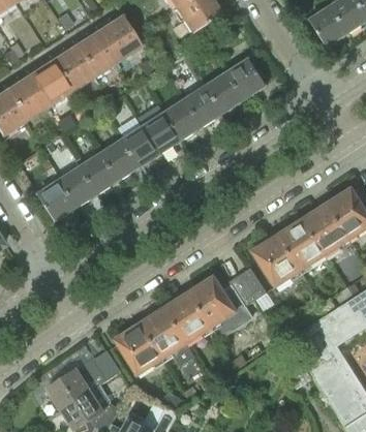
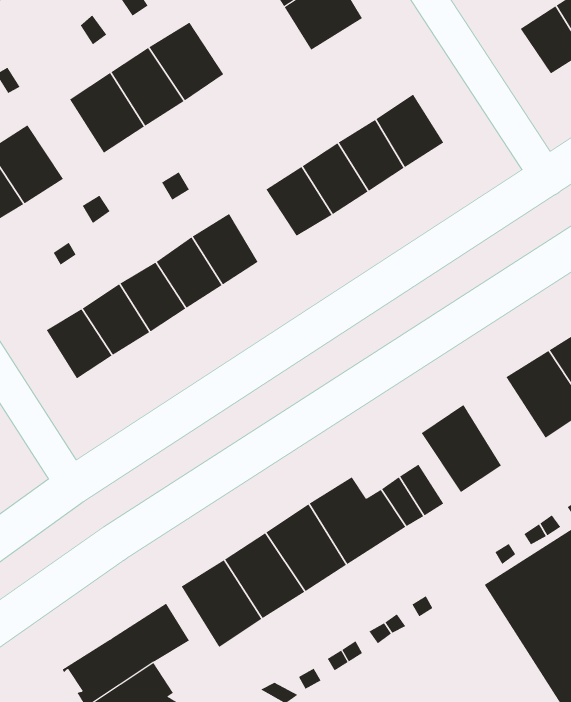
building: [28,60,71,105] -> none
building: [144,112,182,153] -> none
building: [278,219,325,270] -> none

